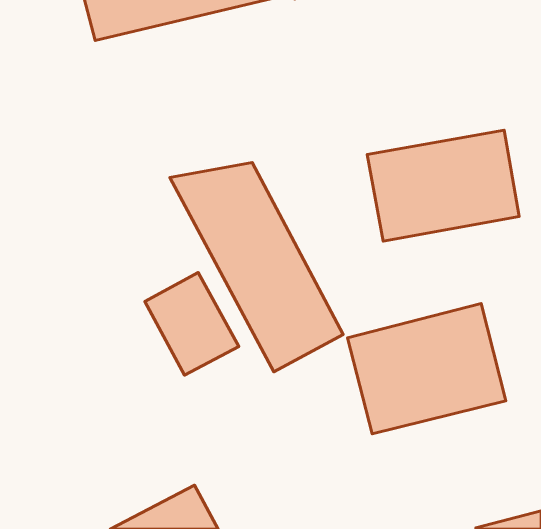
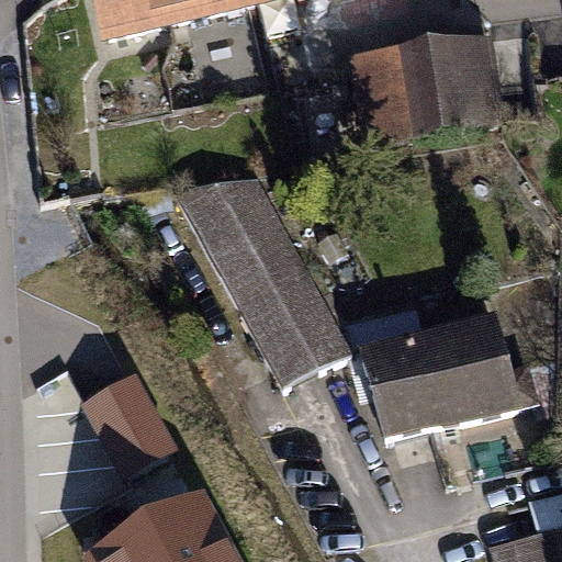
building: [367,130,519,241] -> [347,31,503,145]
building: [145,273,239,375] -> [77,375,173,481]

